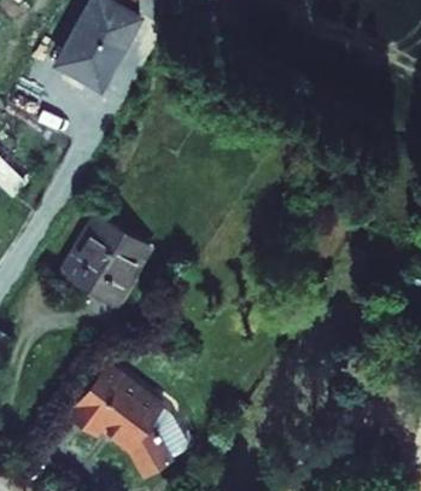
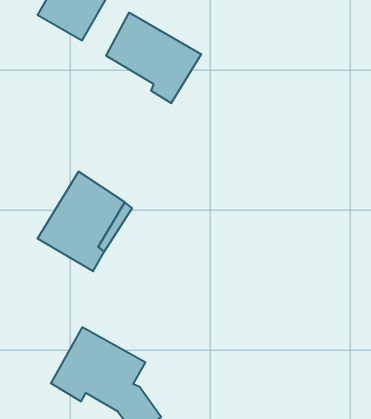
building: none -> [106,13,201,103]

